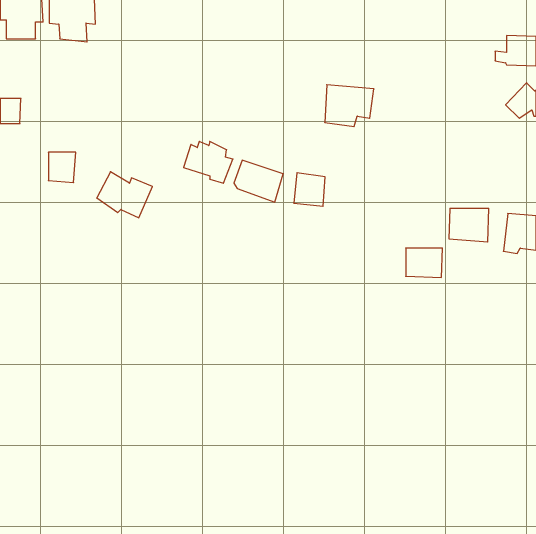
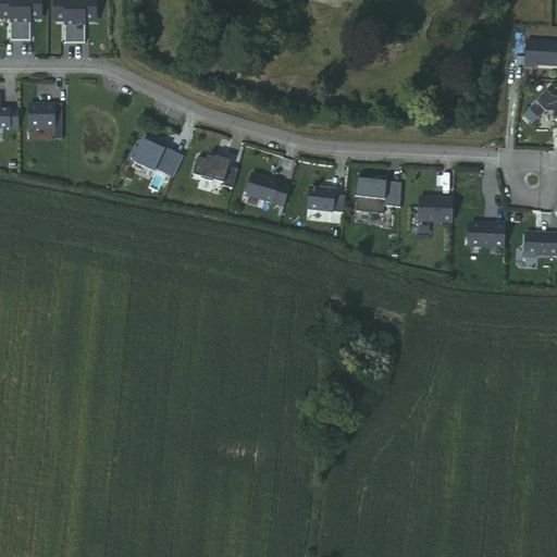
building: [325,85,374,127] -> [354,173,405,216]
building: [48,152,76,183] -> [28,99,57,131]
building: [97,172,152,218] -> [131,133,188,181]
building: [406,248,442,277] -> [418,191,456,222]

